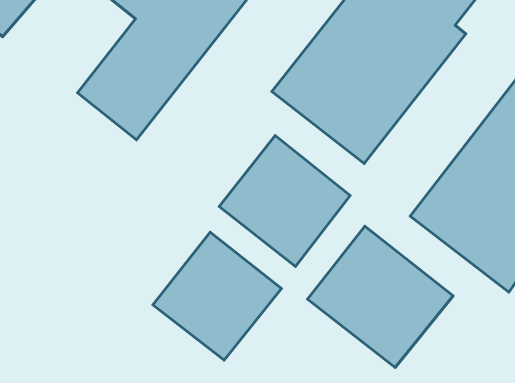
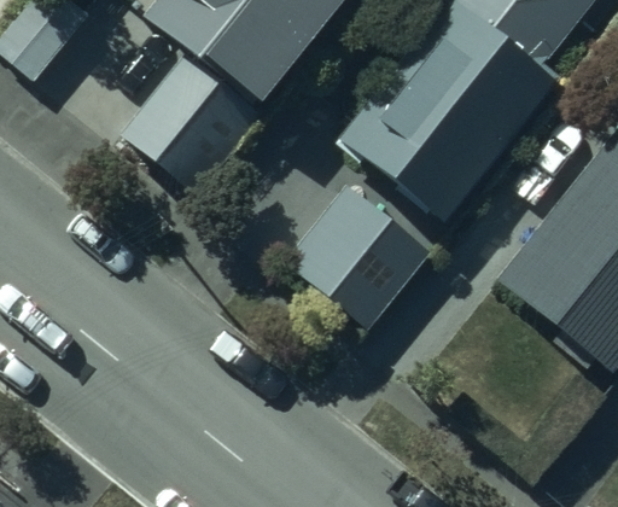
building: [307,226,453,368] -> none
building: [153,232,282,360] -> none

